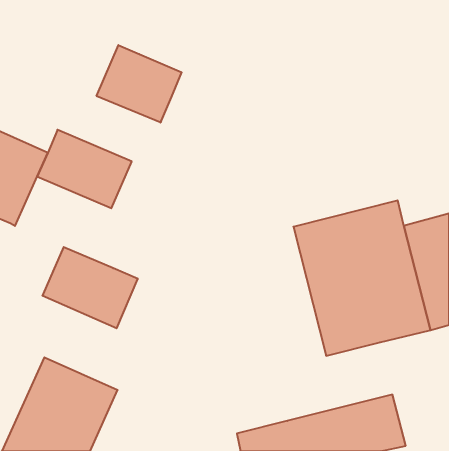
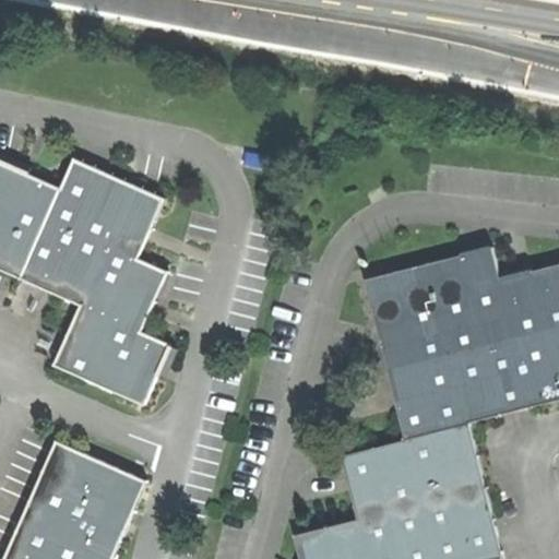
building: [97,45,182,123] -> none
building: none -> [19,218,167,332]
building: none -> [340,424,485,521]

